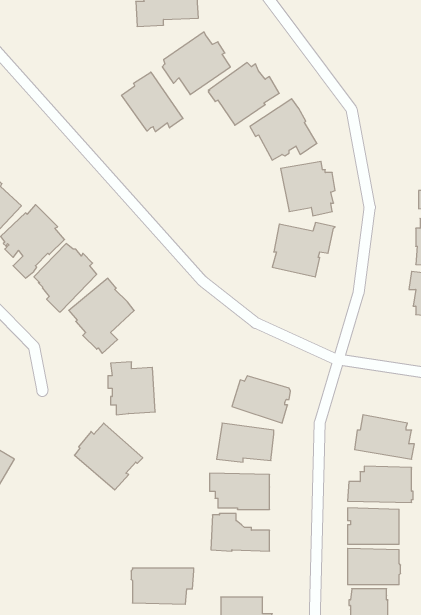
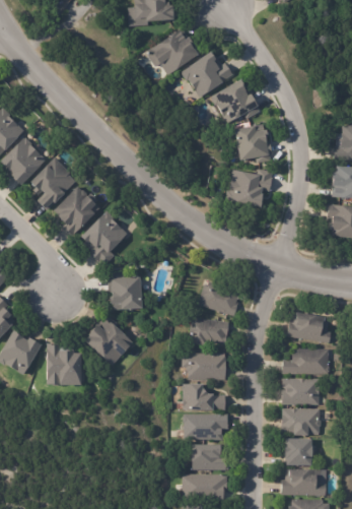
building: [122,72,183,132] -> none
building: none -> [48,345,81,386]
building: [131,568,194,604] -> [183,413,228,440]

